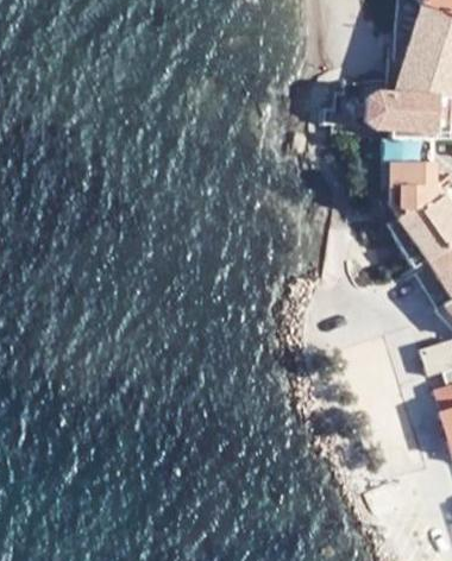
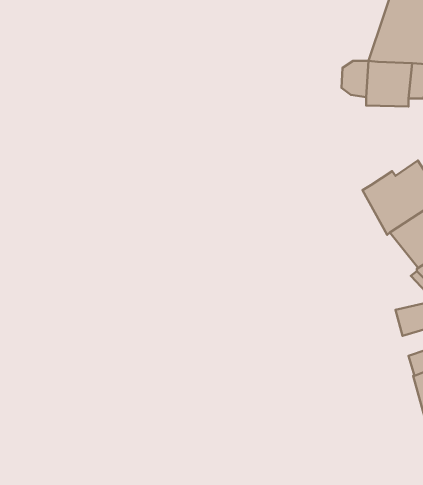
building: [388,157,435,216] -> none

